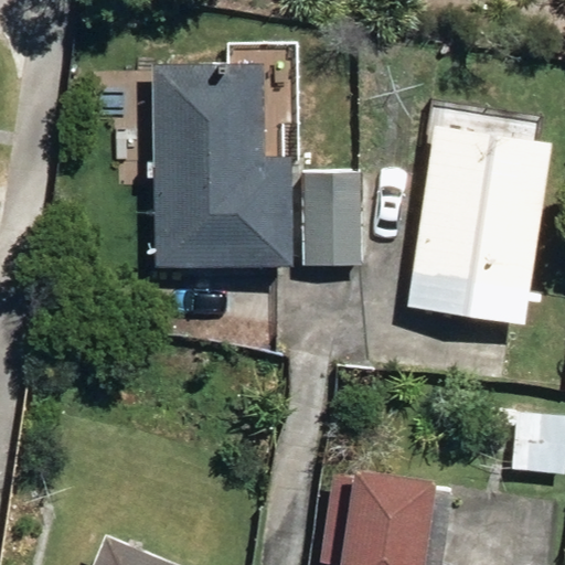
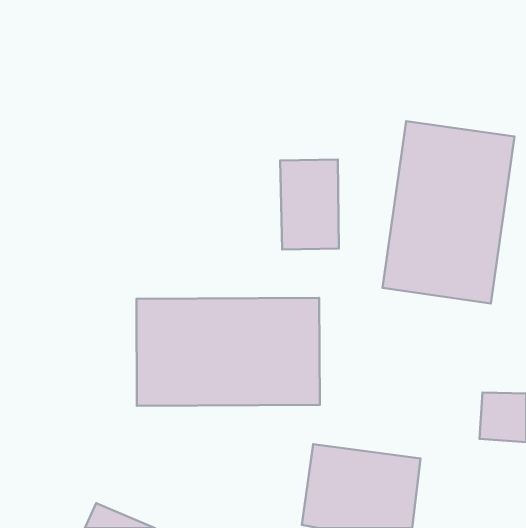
building: [156,65,289,266] -> none
building: none -> [136,298,320,406]

